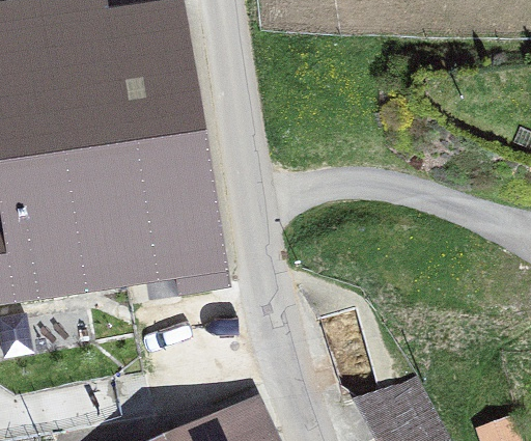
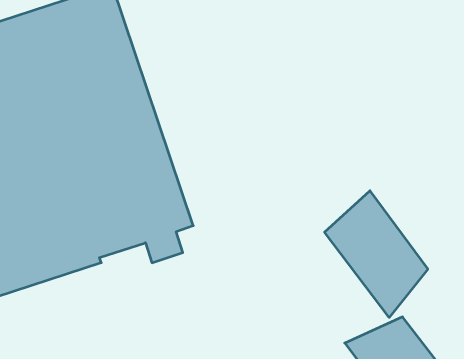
building: none -> [325,191,428,317]

